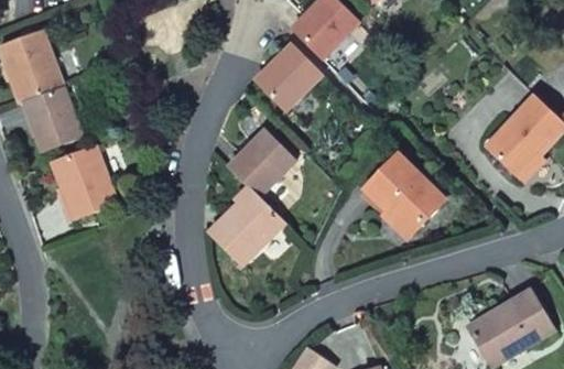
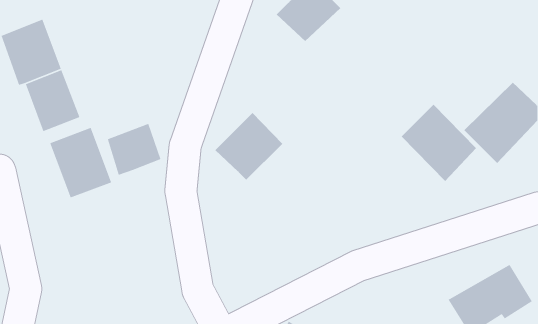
building: [253,35,321,110] -> none
building: none -> [107,123,161,176]
building: [360,150,440,231] -> [401,104,477,182]
building: [210,192,281,263] -> none

